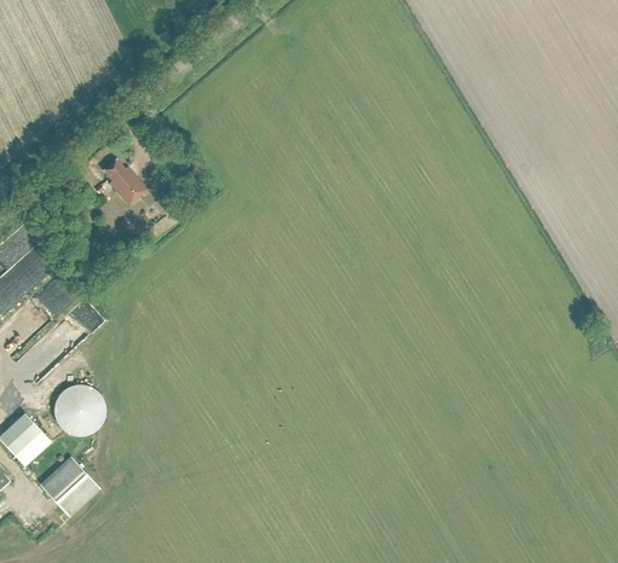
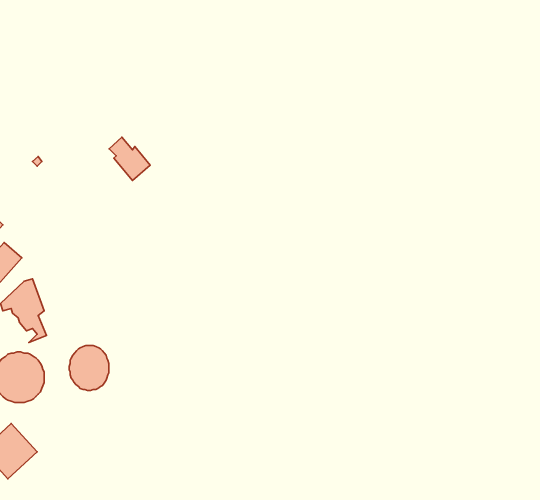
building: [103,159,145,204] -> [109,137,150,181]
building: none -> [69,346,109,391]

